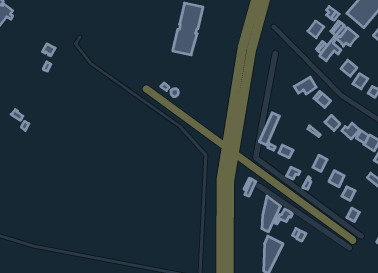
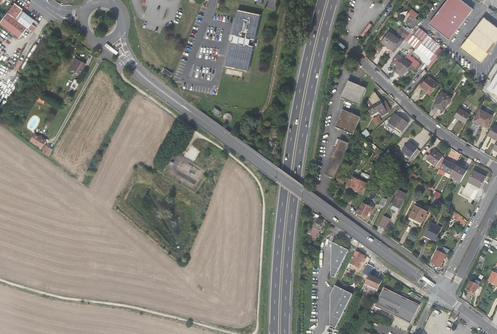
building: none -> [342,79,367,104]
building: none -> [336,108,361,135]
building: none -> [372,288,416,322]

